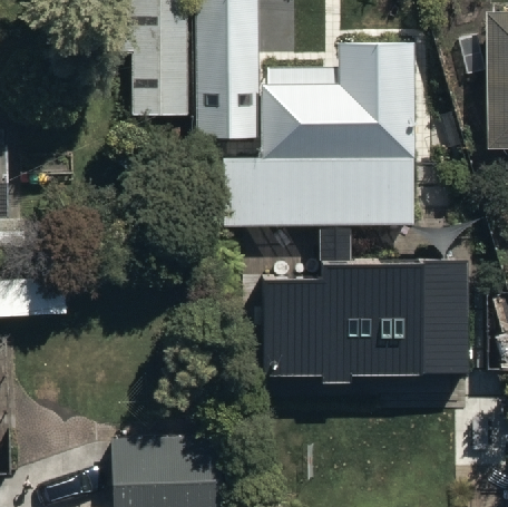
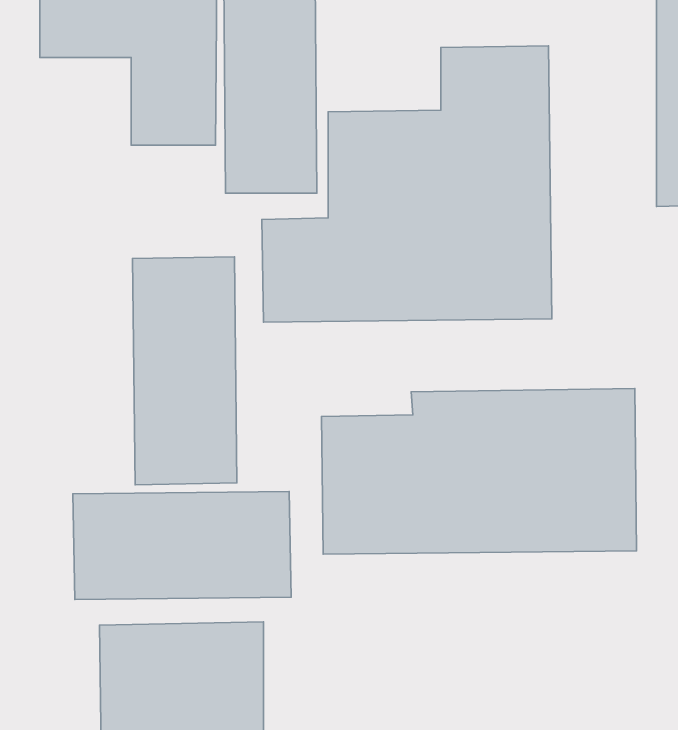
building: none -> [133,257,237,485]
building: none -> [73,492,291,599]

